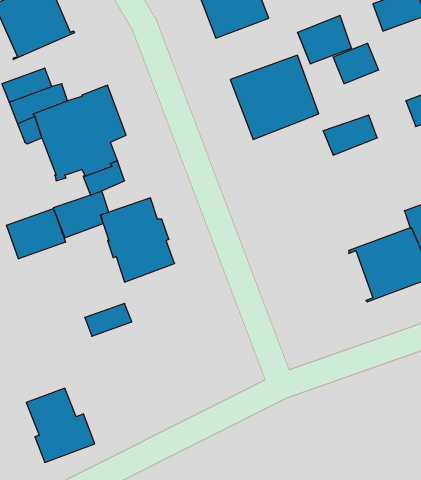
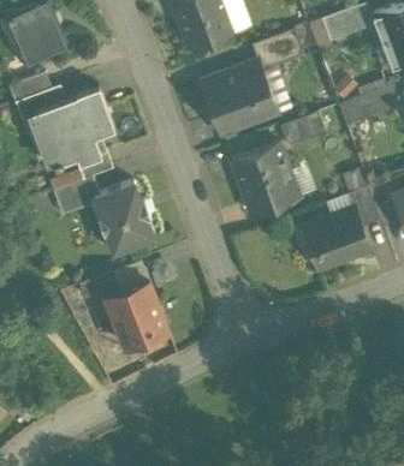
building: [333,43,378,84] -> none
building: none -> [232,142,299,213]
building: [7,209,65,259] -> none
building: [26,388,95,462] -> [109,282,167,345]

